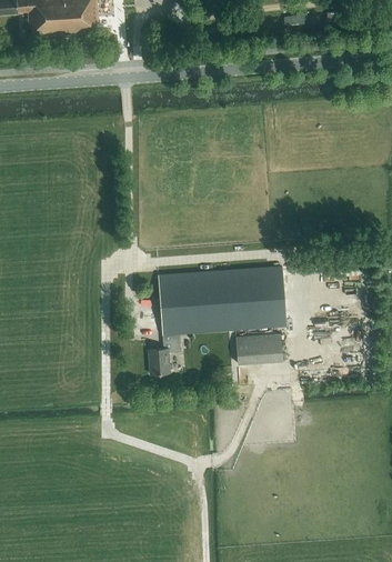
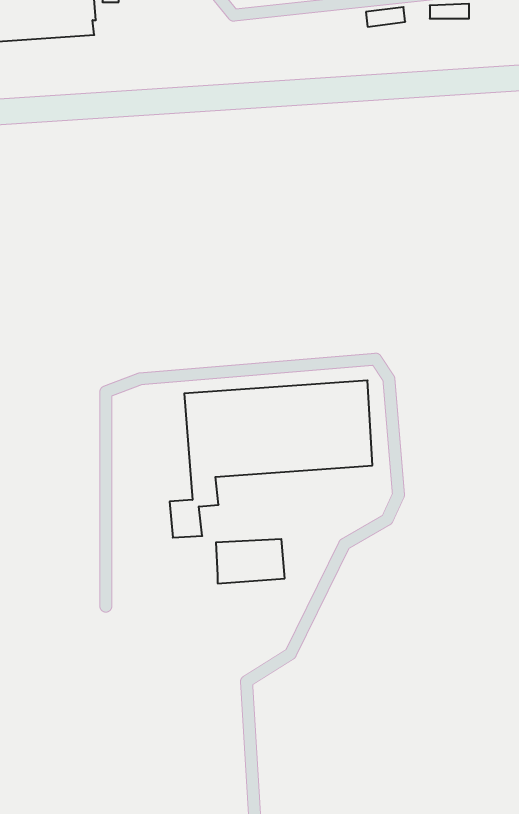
building: [235,333,282,363] -> [216,539,285,583]

